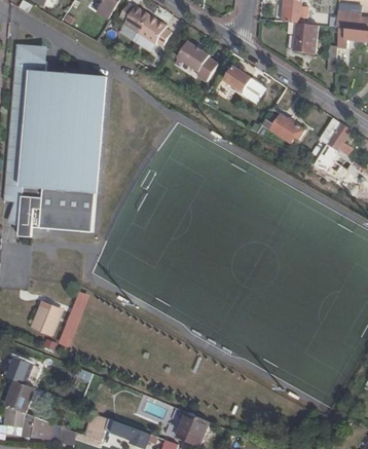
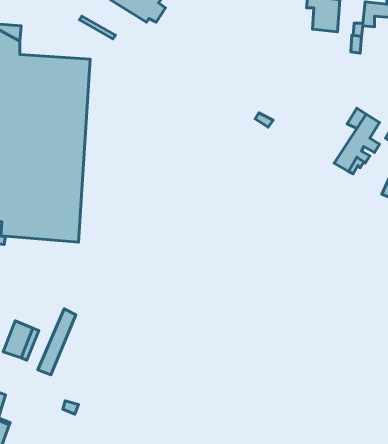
building: [174,40,215,80] -> none
building: [224,67,262,102] -> none
building: [262,110,303,142] -> none

